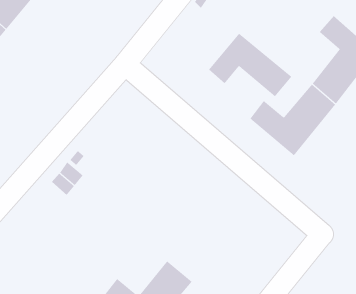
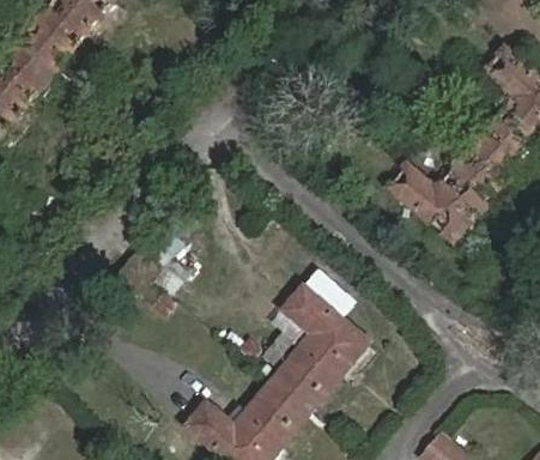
building: [208,33,292,97] -> none
building: none -> [274,288,364,411]

